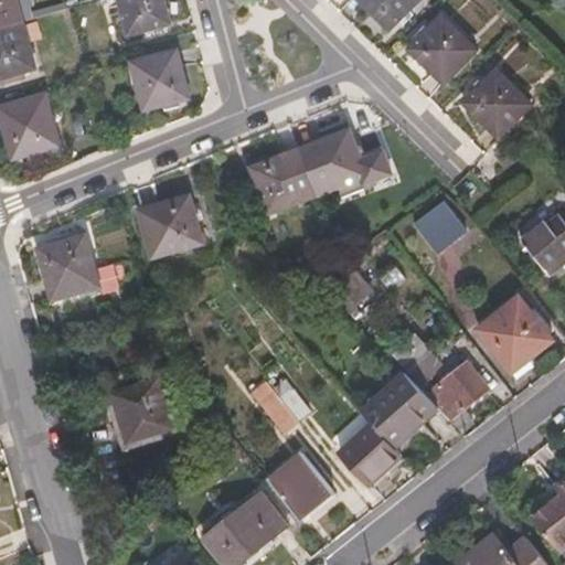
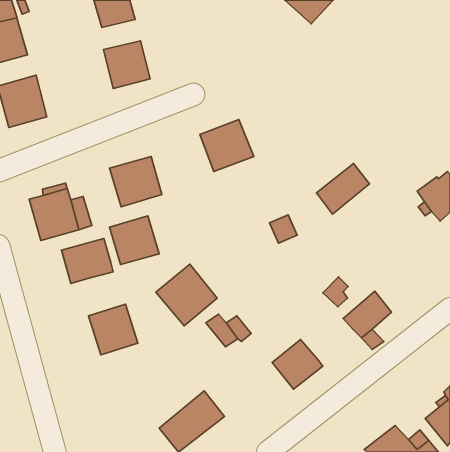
building: [407,15,476,84] -> none
building: [462,70,531,138] -> none
building: [298,130,391,195] -> none
building: none -> [110,216,159,265]
building: [477,296,552,371] -> none
building: none -> [61,238,113,284]
building: none -> [156,264,217,326]
building: [363,374,440,448] -> none
building: [265,455,332,521] -> none

